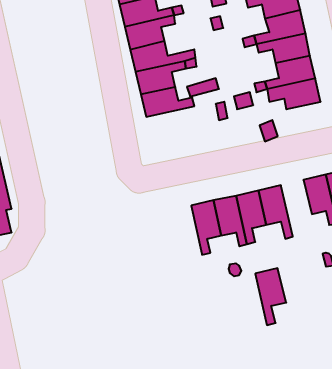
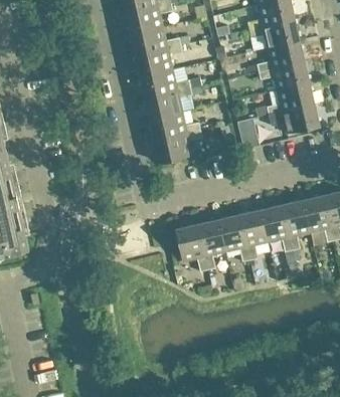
building: none -> [155,130,202,162]
building: none -> [175,223,207,271]
building: [255,268,286,325] -> [282,199,311,252]

